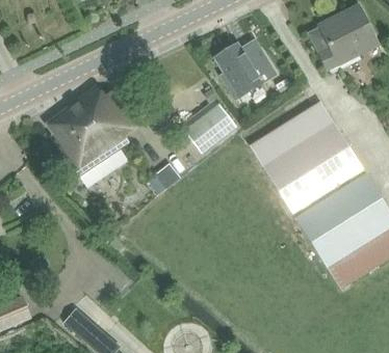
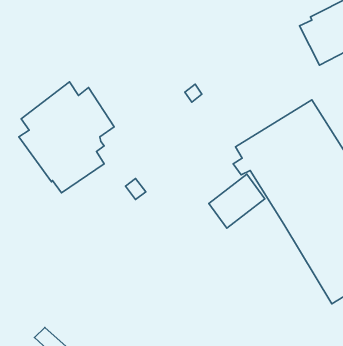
building: [216,39,276,98] -> none
building: [185,103,237,153] -> [209,174,265,228]

